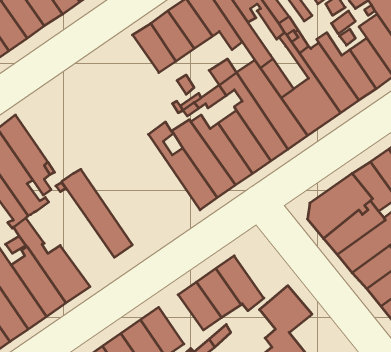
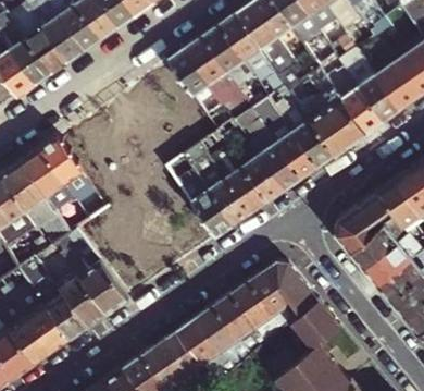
building: [62,169,132,257] -> [164,155,232,239]
building: none -> [264,262,315,315]
building: none -> [192,307,235,354]

